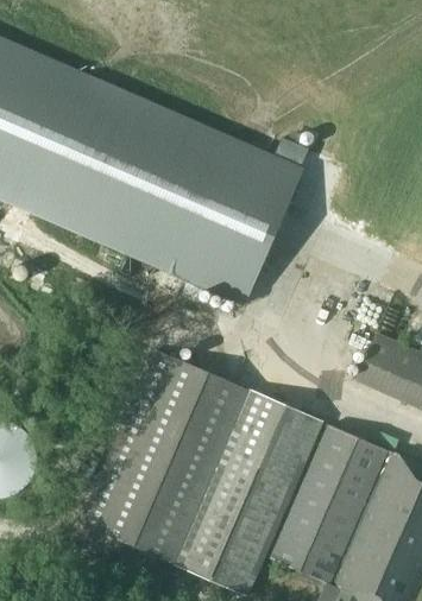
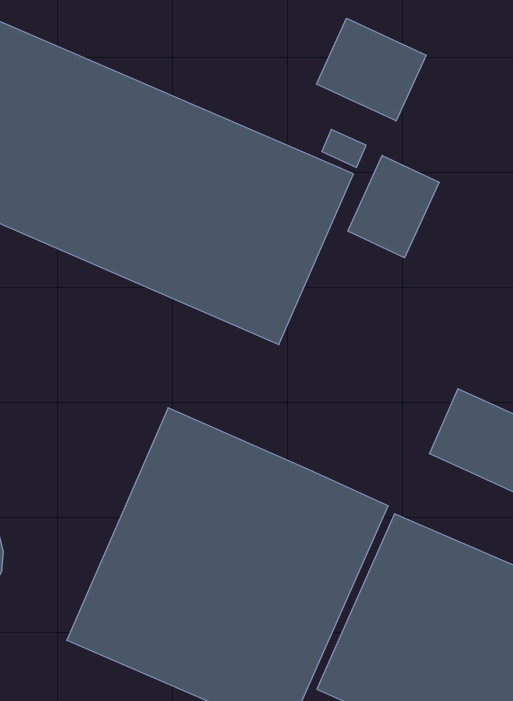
building: none -> [317,18,426,121]
building: none -> [348,155,439,258]

